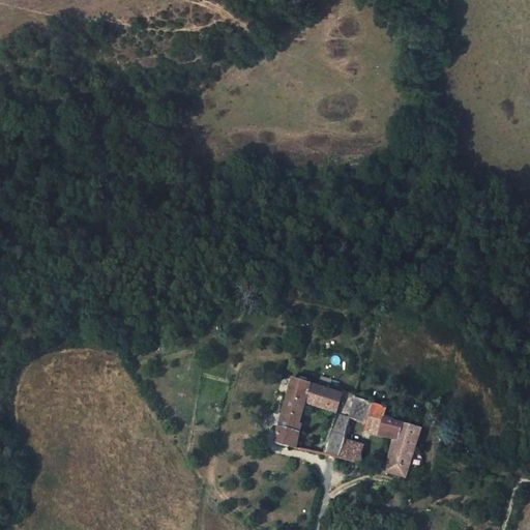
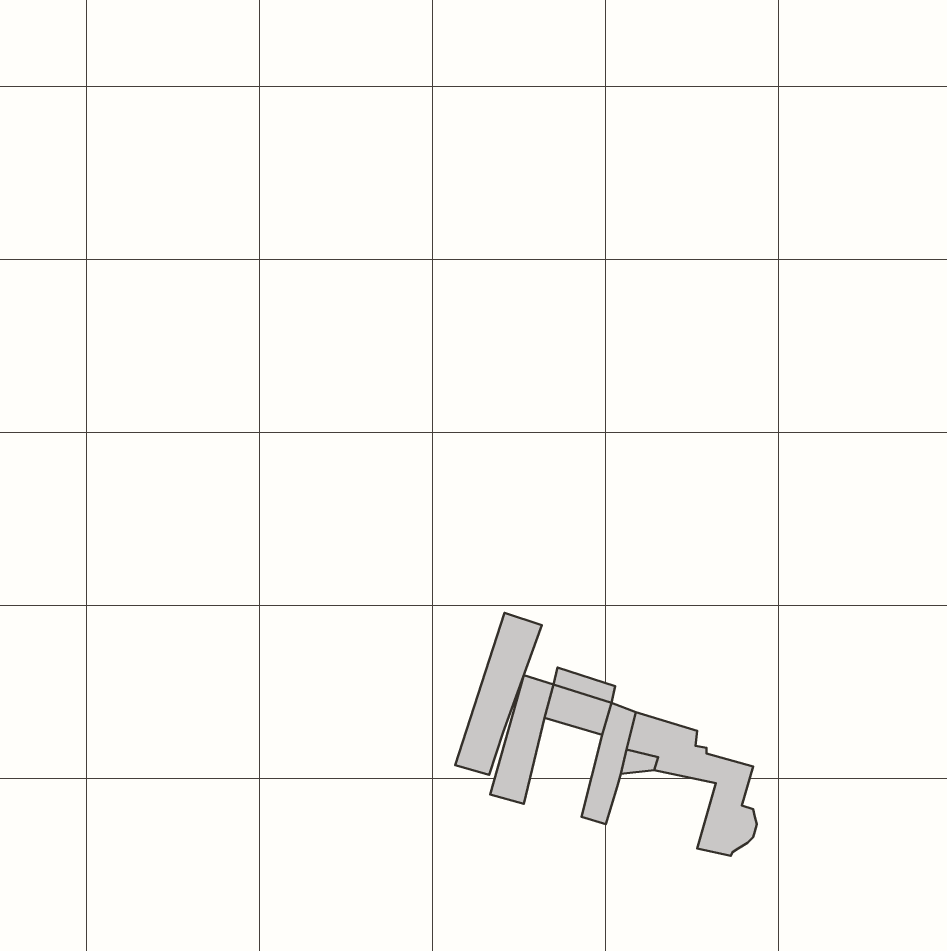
building: none -> [455,613,542,775]
building: [336,438,362,465] -> none

